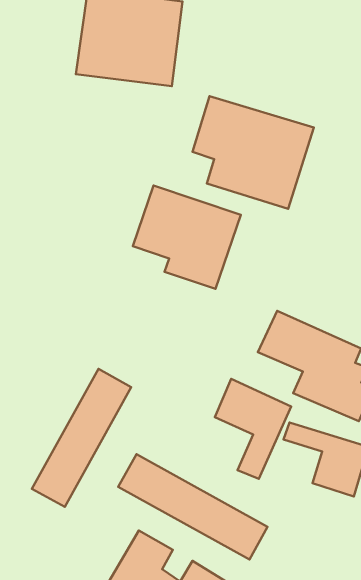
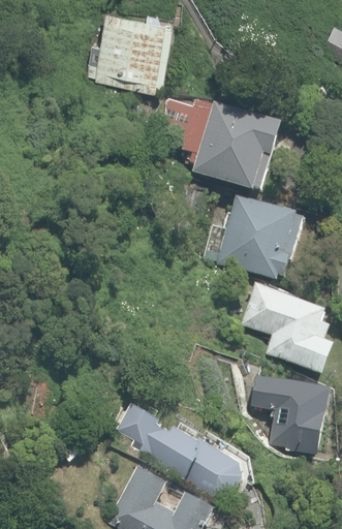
building: [133,186,241,289] -> [212,192,304,280]
building: [32,369,131,507] -> none
building: [215,379,291,479] -> none

